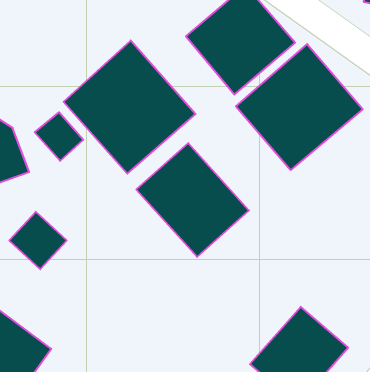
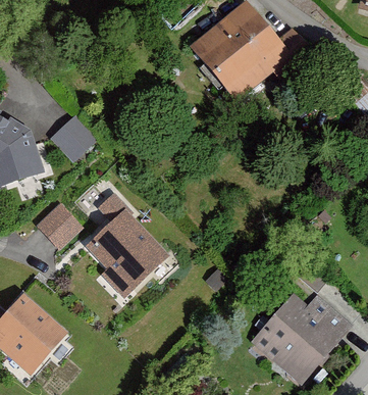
building: [64,40,196,174] -> none
building: [236,44,363,170] -> none
building: [136,143,249,257] -> [77,207,181,312]

